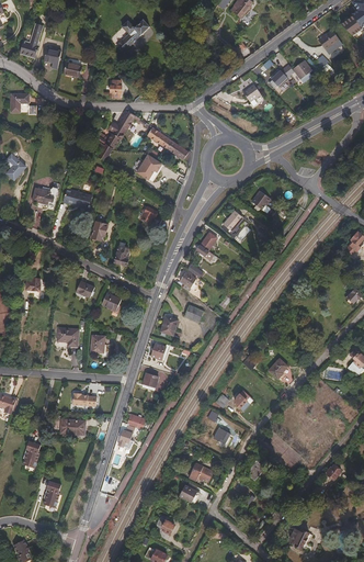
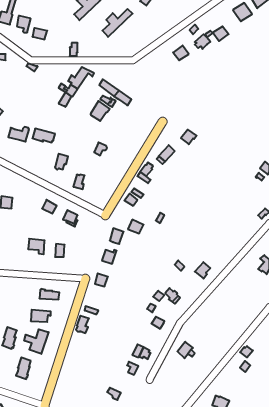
building: none -> [102,9,133,37]
building: none -> [24,329,49,354]

